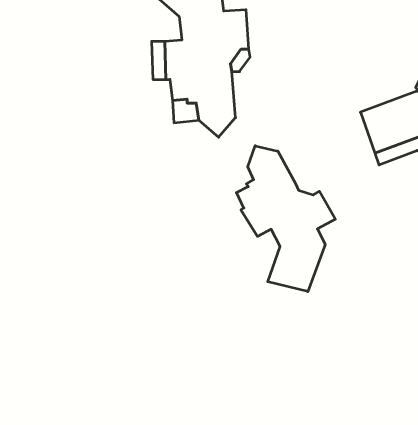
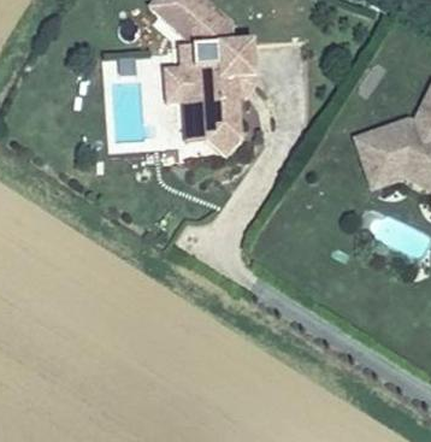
building: [236,146,335,292] -> none

